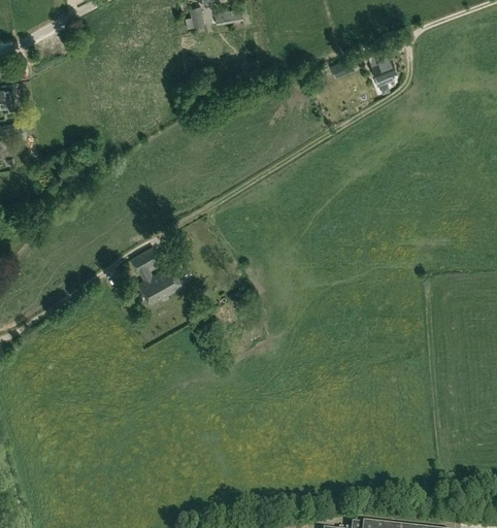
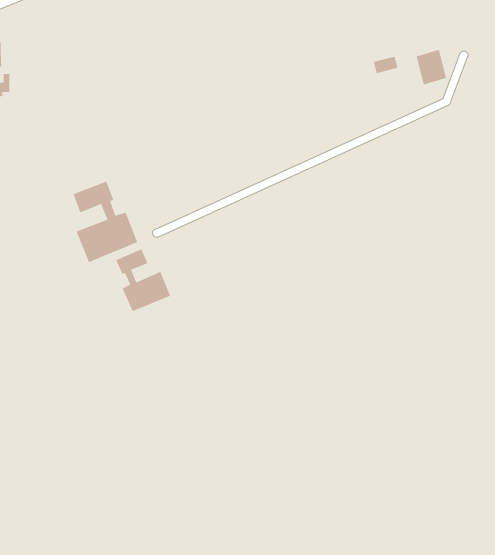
building: none -> [73,180,138,263]

